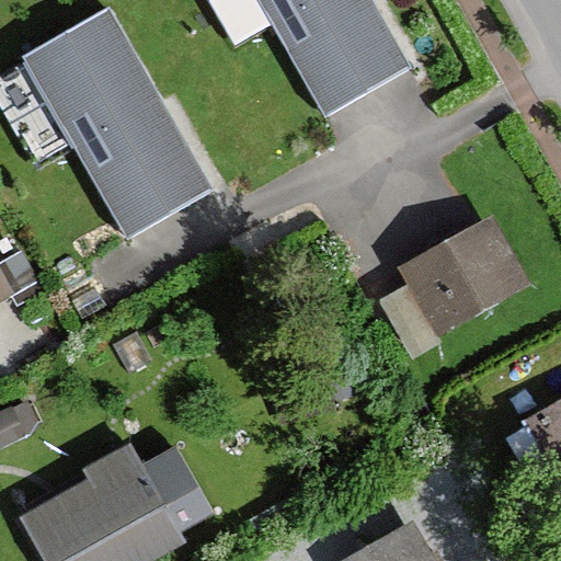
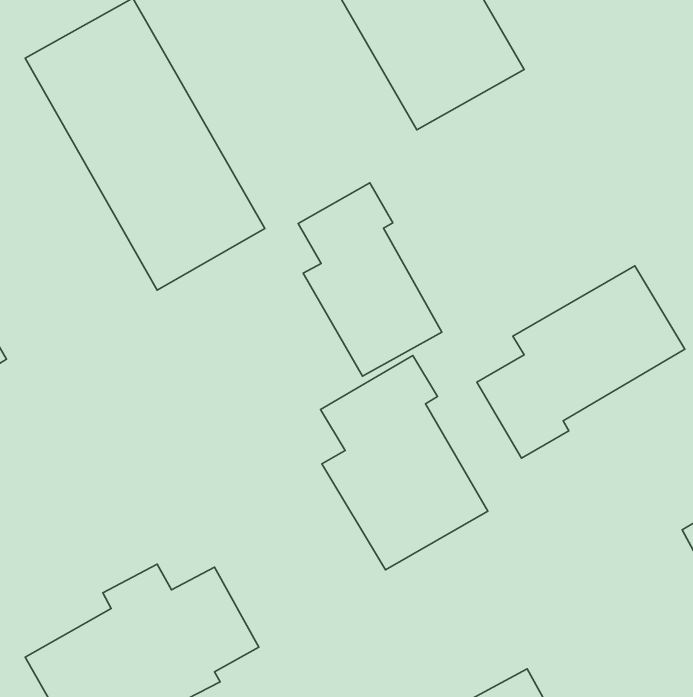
building: none -> [298,183,442,376]
building: none -> [320,355,488,570]

